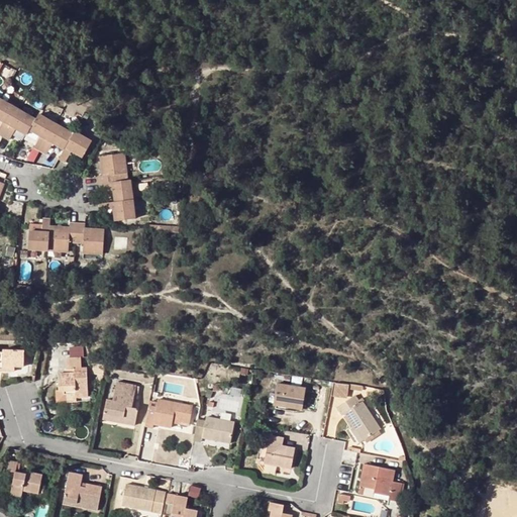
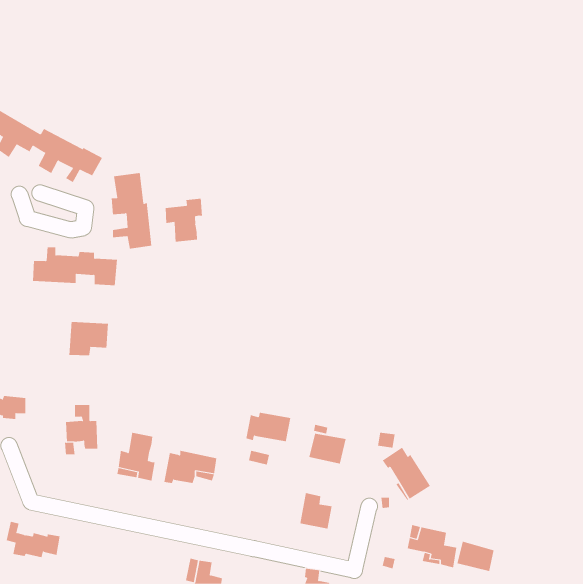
building: none -> [165,198,203,242]
building: none -> [69,321,108,356]
building: [194,416,234,442] -> [245,412,291,442]
building: [64,472,102,510] -> none
building: none -> [457,541,494,572]
building: [122,484,166,512] -> none

